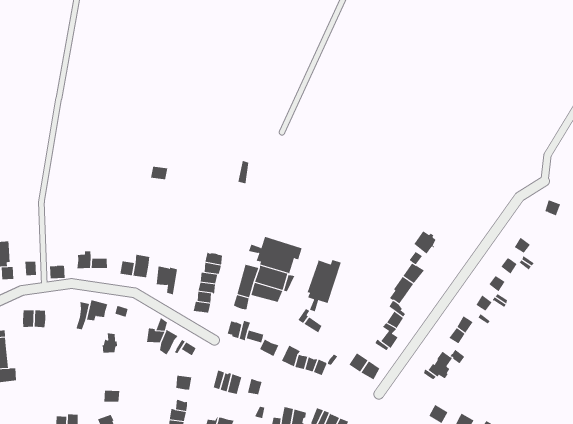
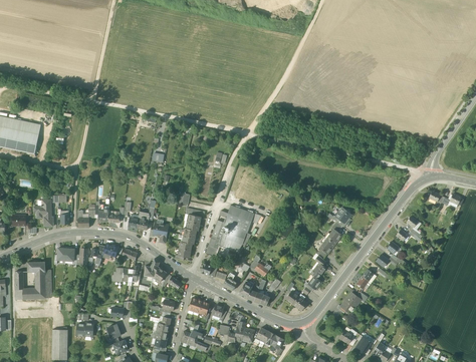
building: [307,259,341,312] -> none

